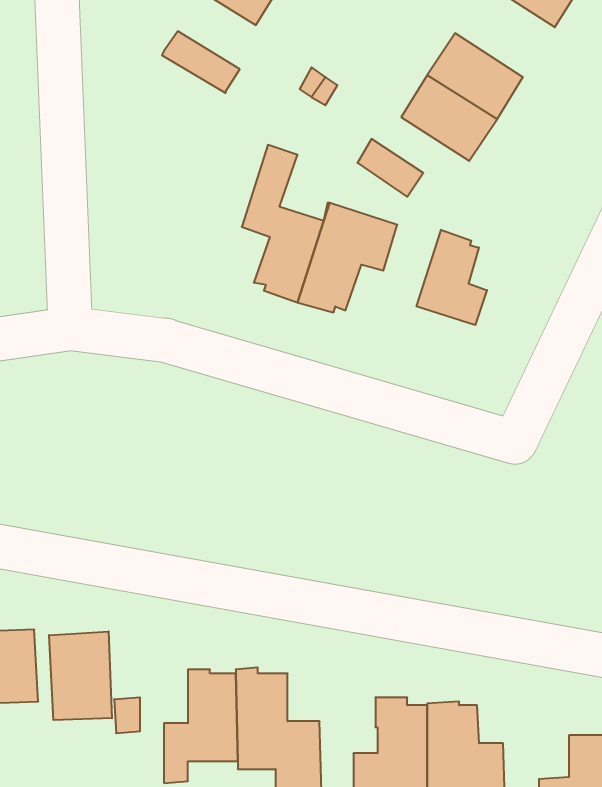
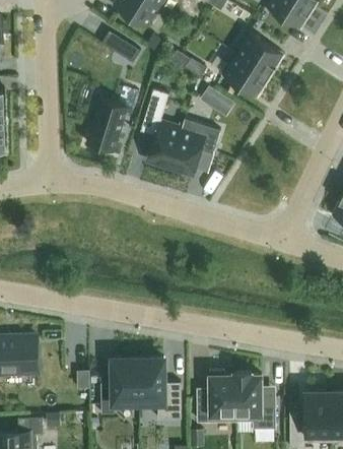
building: none -> [86,98,129,151]
building: [417,230,487,325] -> none
building: [49,631,112,720] -> none

